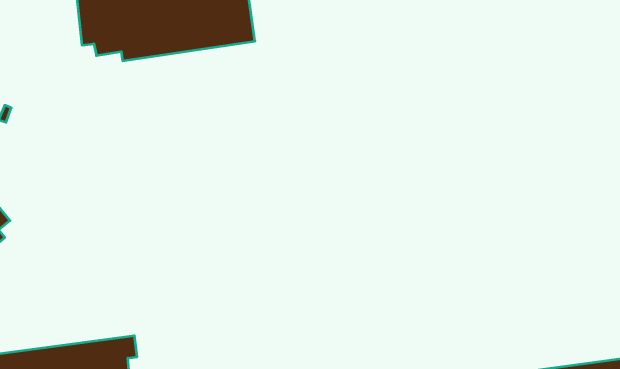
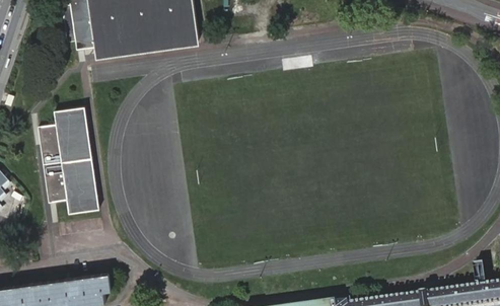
building: none -> [38,107,99,215]

